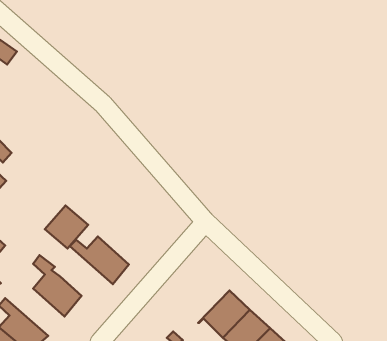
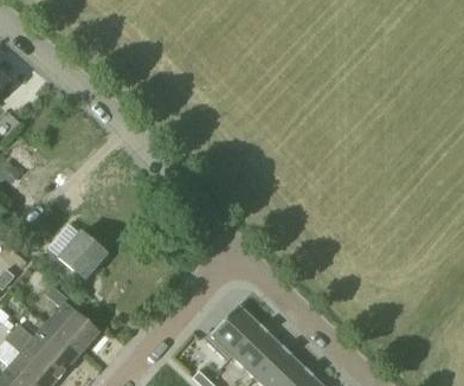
building: [70,237,129,284] -> [14,323,79,375]
building: none -> [205,304,260,361]

